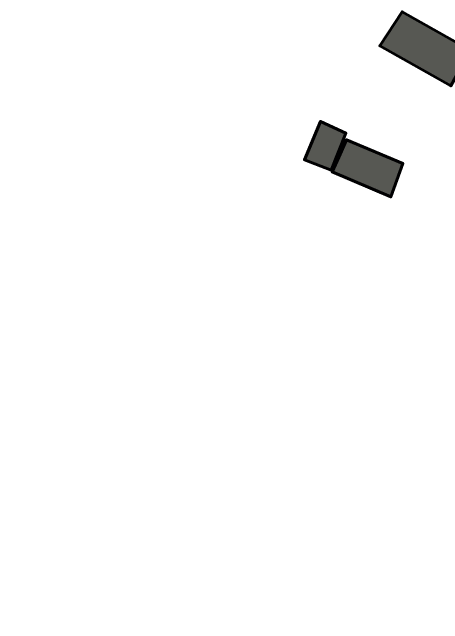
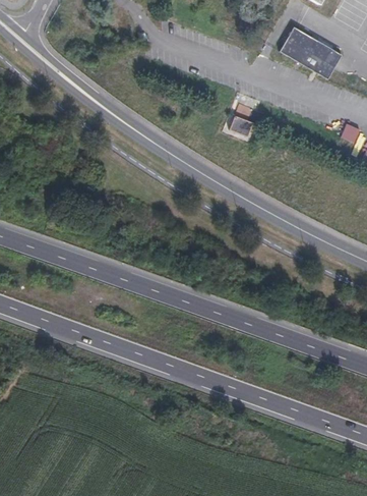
building: [332,140,403,197] -> none

